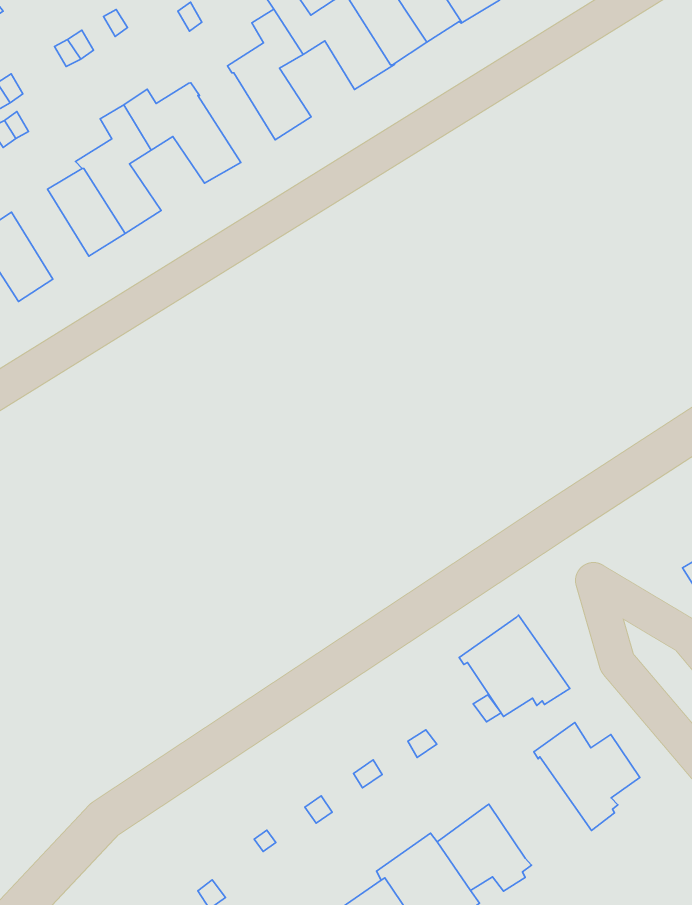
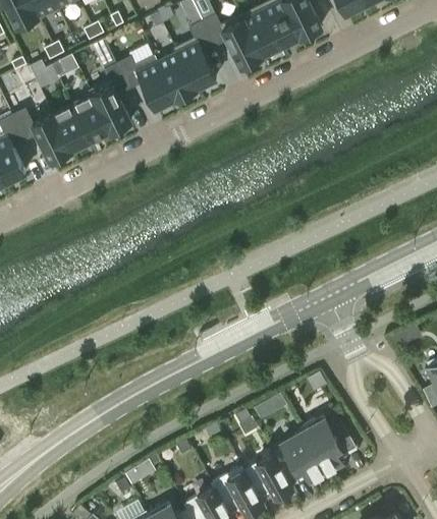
building: none -> [157,53,196,101]
building: none -> [52,105,91,153]
building: [459,615,570,716] -> [270,431,327,484]

